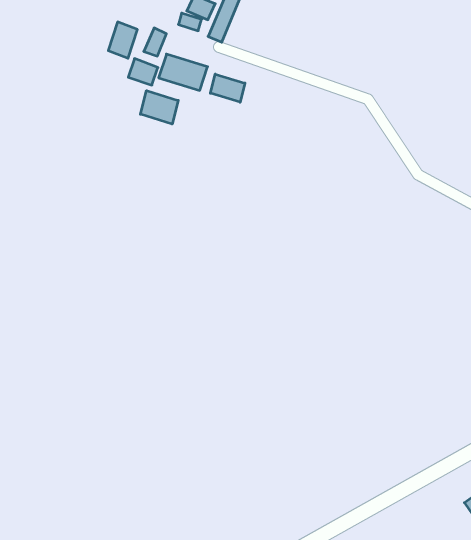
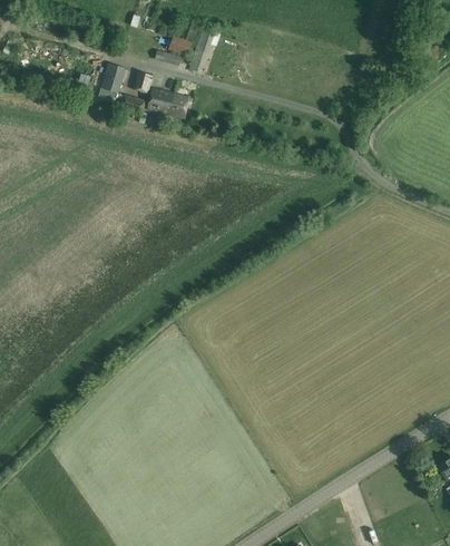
building: [210,74,245,102] -> none
building: [140,91,178,124] -> none

